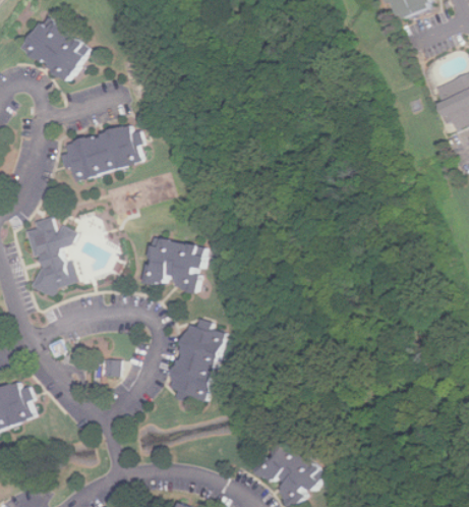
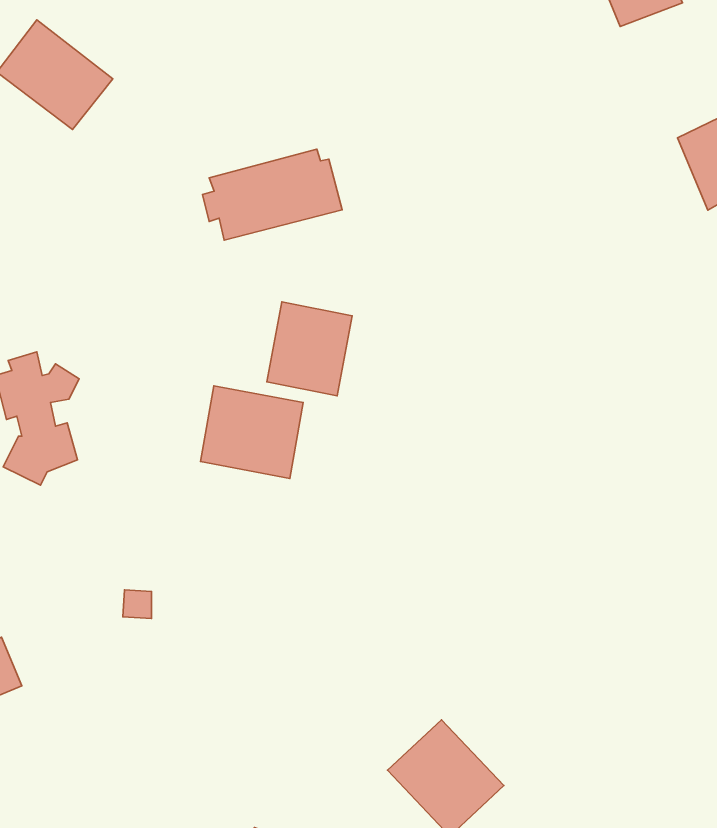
building: [59,125,143,180] -> [202,149,342,240]
building: none -> [267,302,352,396]
building: [167,320,228,404] -> none

